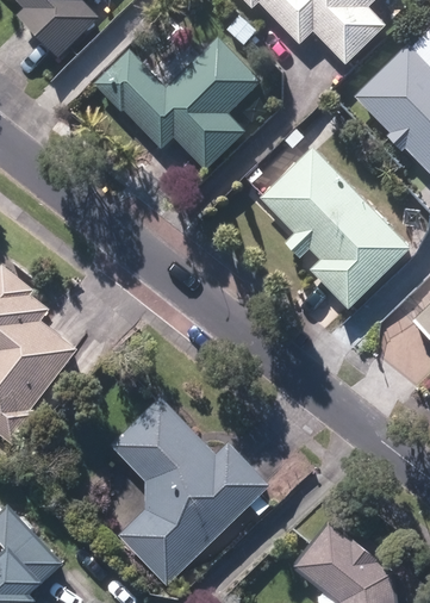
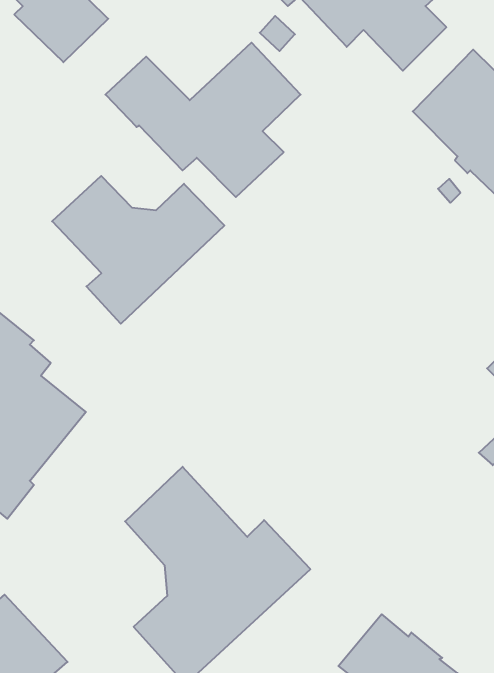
building: [262,149,410,309] -> none
building: none -> [52,176,224,324]

